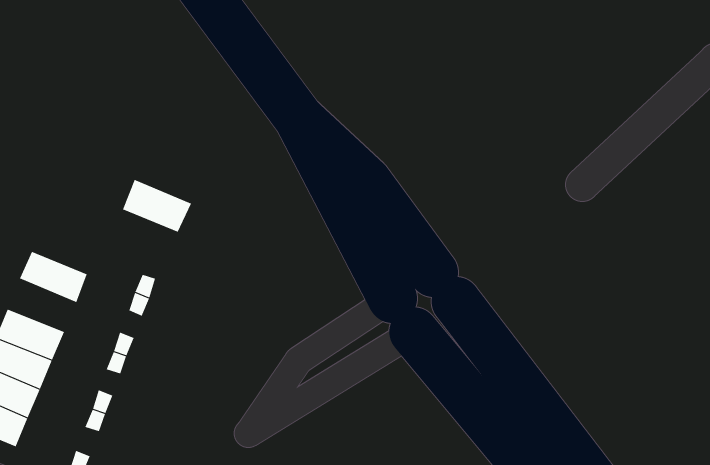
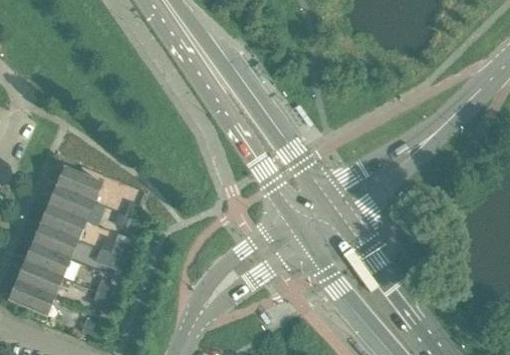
building: [122,179,192,232] -> [56,165,102,201]
building: none -> [40,204,86,239]

